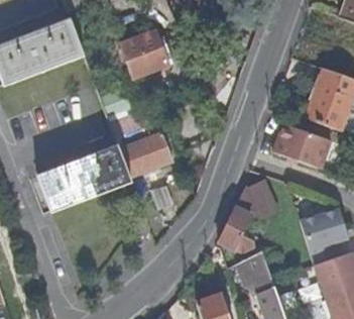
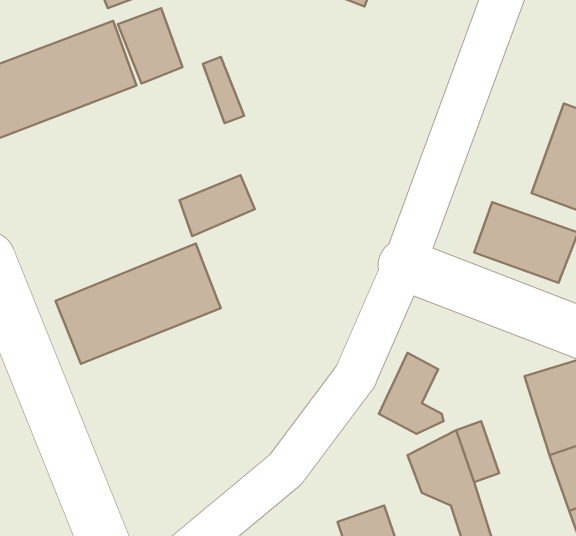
building: [130,31,166,74] -> [118,8,183,83]
building: [118,132,173,177] -> none
building: [235,179,280,222] -> none

